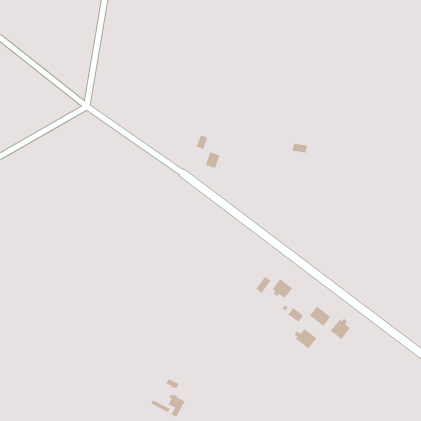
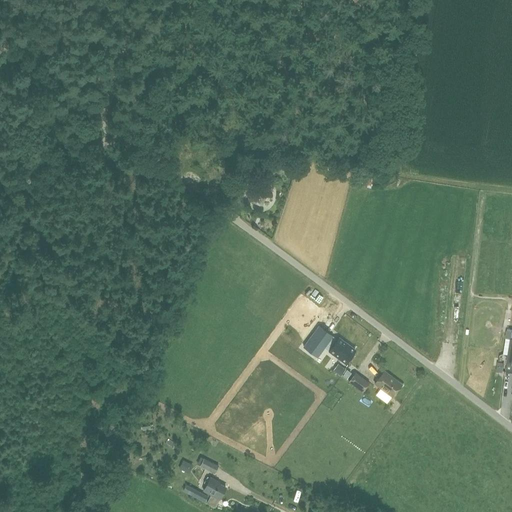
building: [330,318,351,340] -> none
building: [294,328,317,350] -> none

